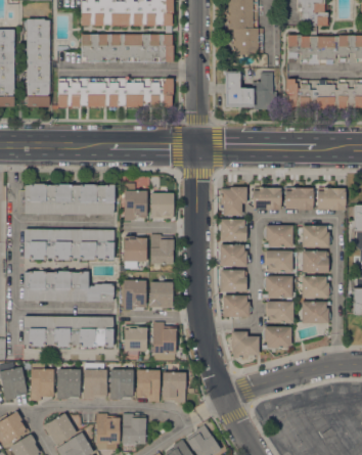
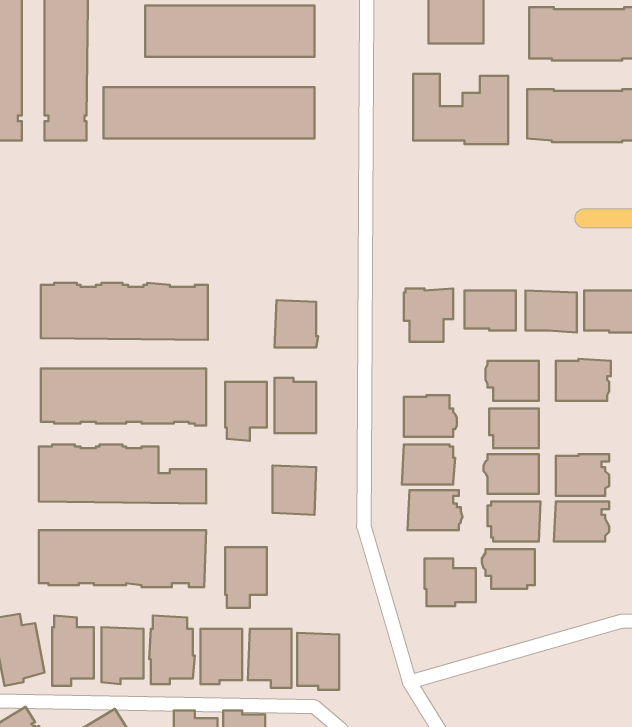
building: [124,191,147,221] -> none
building: [220,220,247,241] -> none
building: [302,252,329,273] -> none
building: [123,281,146,311] -> none
building: [152,323,176,361] -> none

